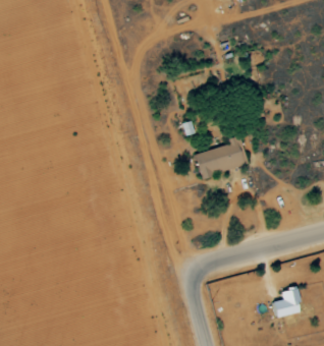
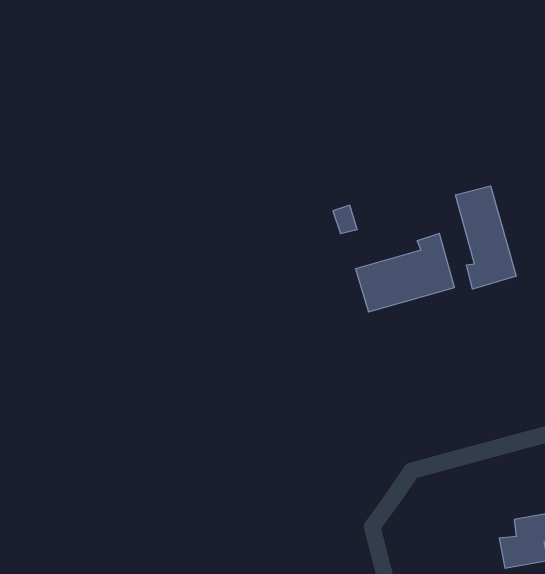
building: none -> [455,186,516,289]

